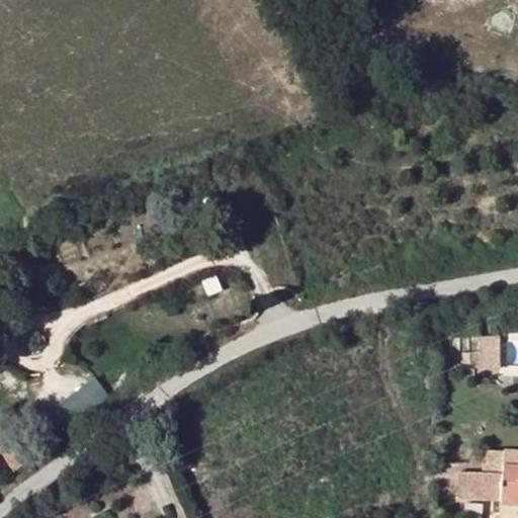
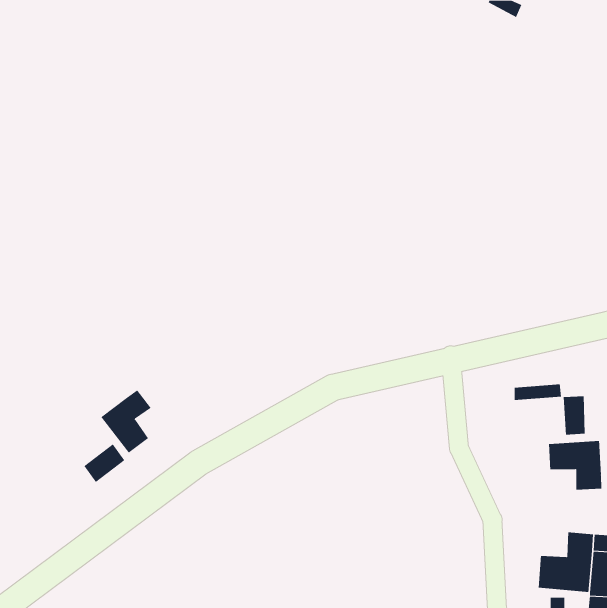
building: none -> [101,390,151,453]
building: none -> [549,440,602,491]

